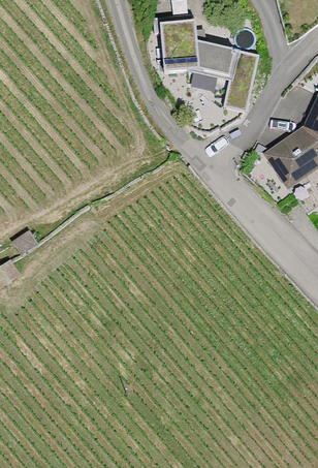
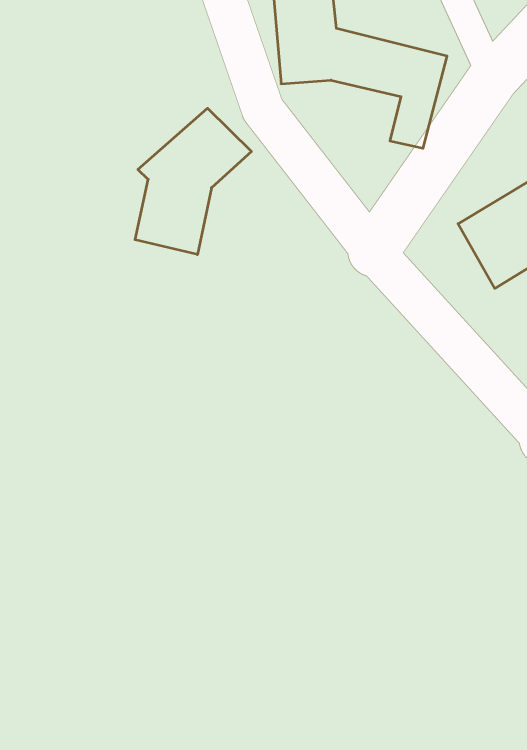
building: none -> [135,108,251,255]

